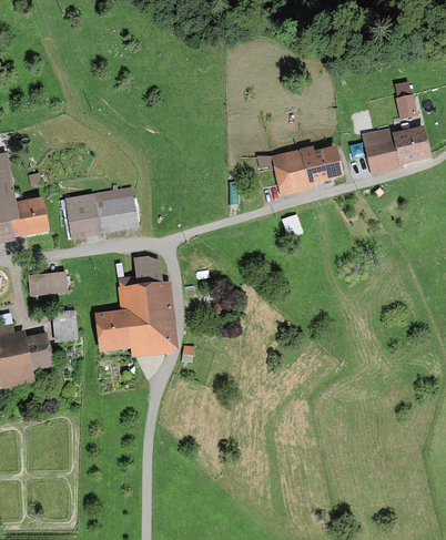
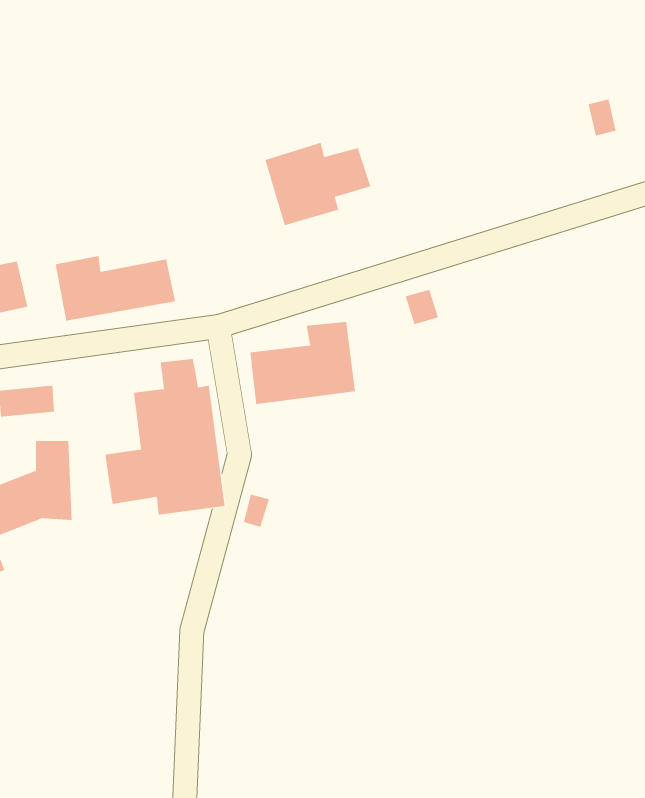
building: [358,122,422,167] -> none
building: [274,146,341,198] -> [264,142,371,226]
building: none -> [250,321,355,405]

